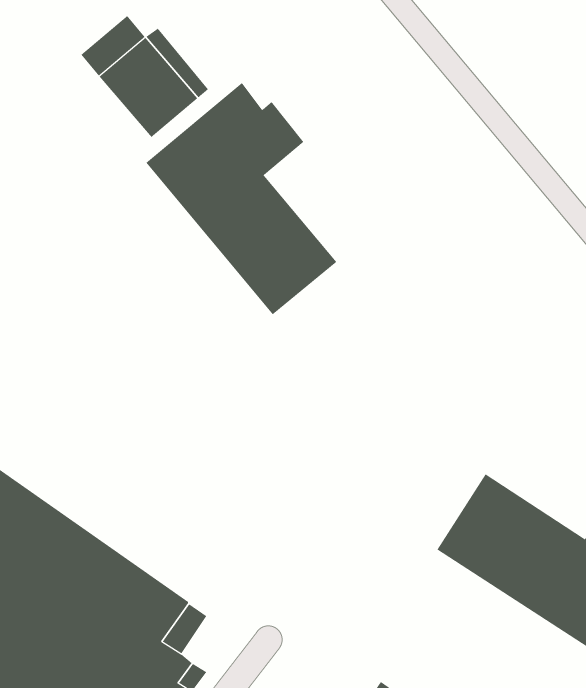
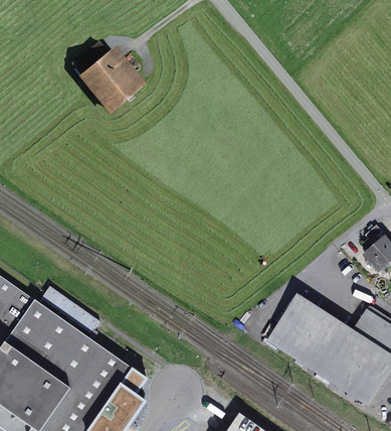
building: [145,82,337,315] -> none

